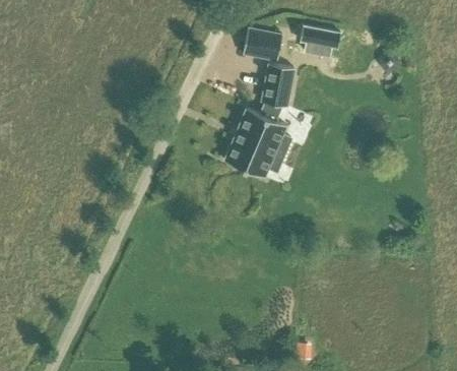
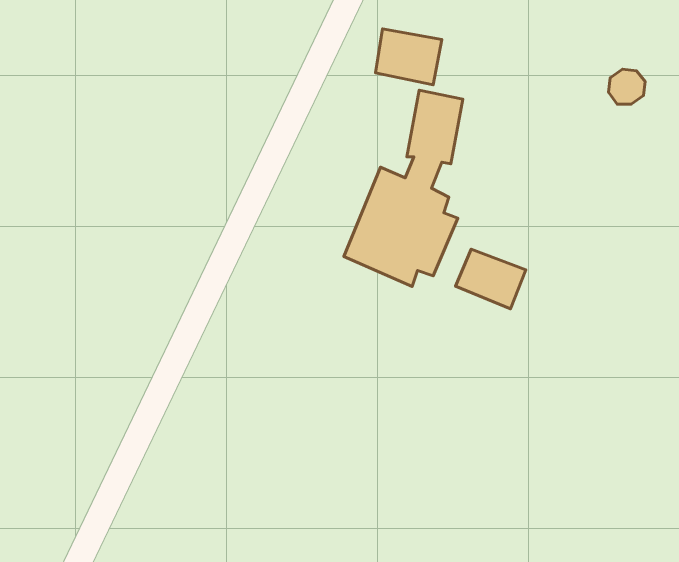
building: [302,24,343,57] -> none
building: none -> [455,249,526,309]

